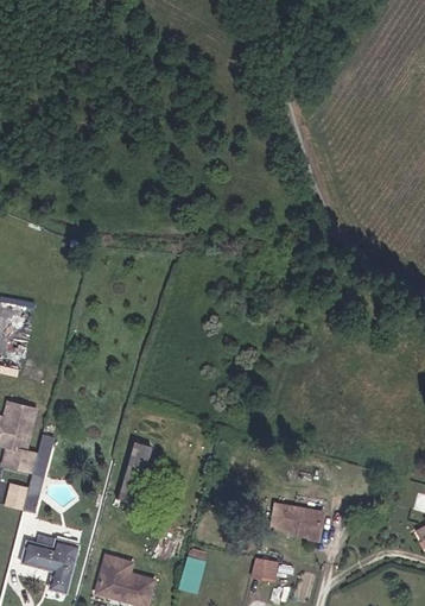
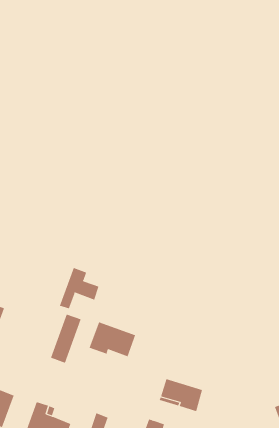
building: none -> [59,267,99,309]
building: none -> [89,322,136,357]

